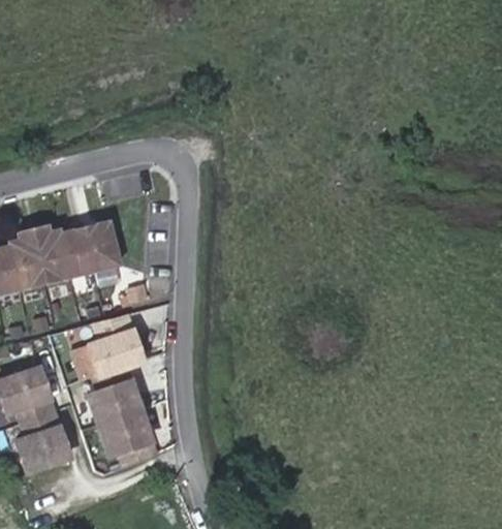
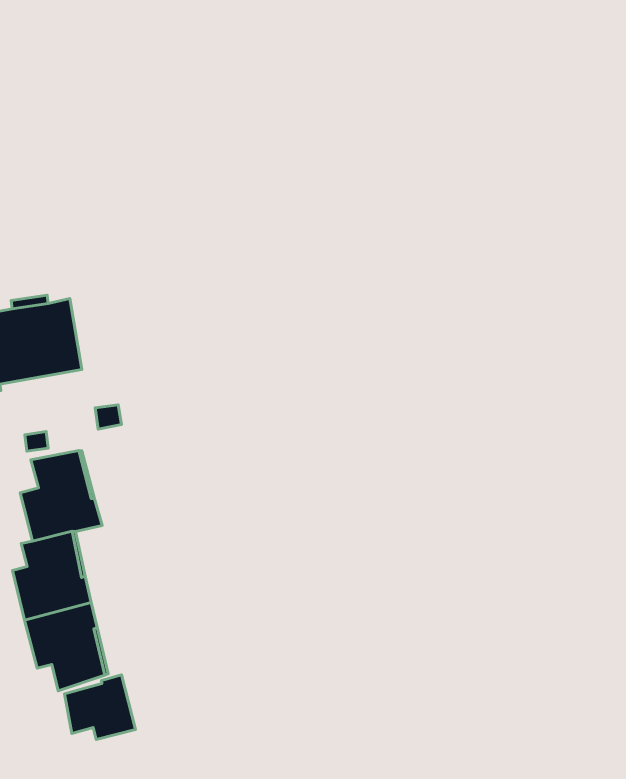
building: none -> [65,675,135,739]

